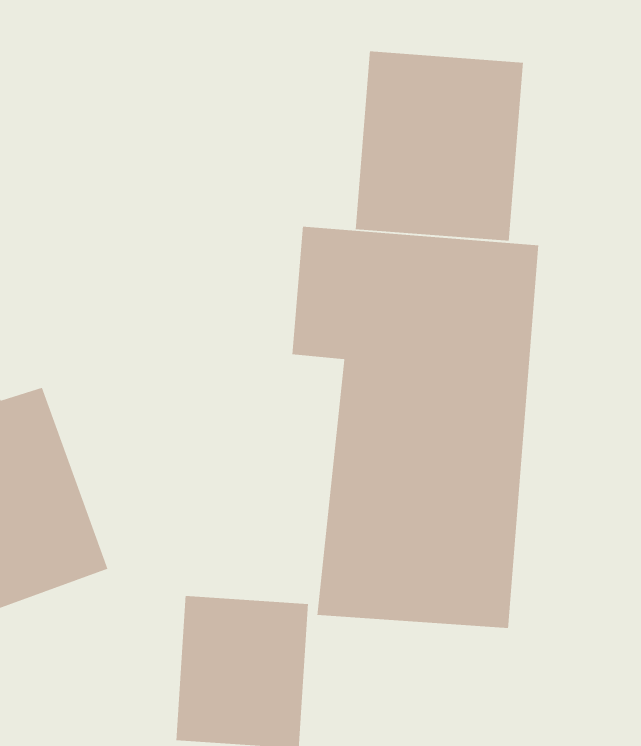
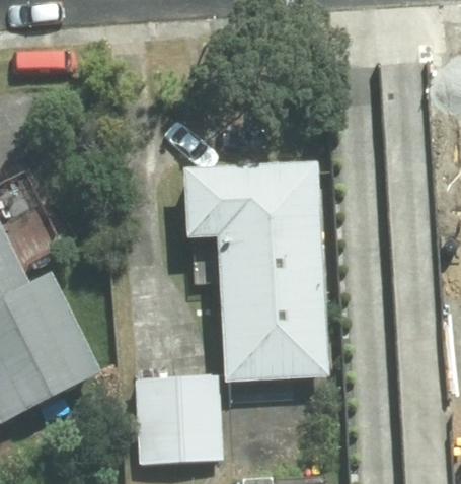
building: [355,50,524,241] -> none

